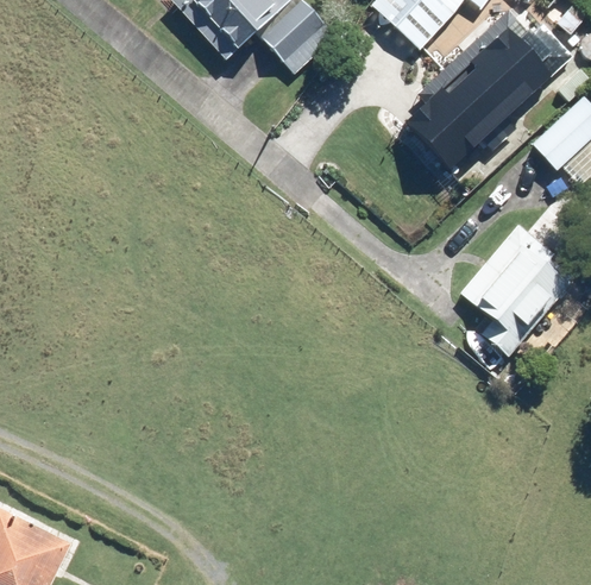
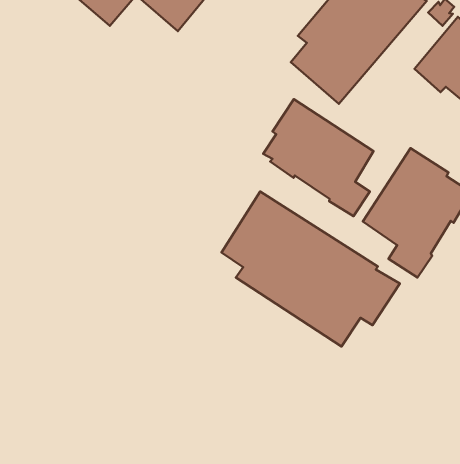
building: none -> [263,99,374,216]
building: none -> [221,192,400,346]

